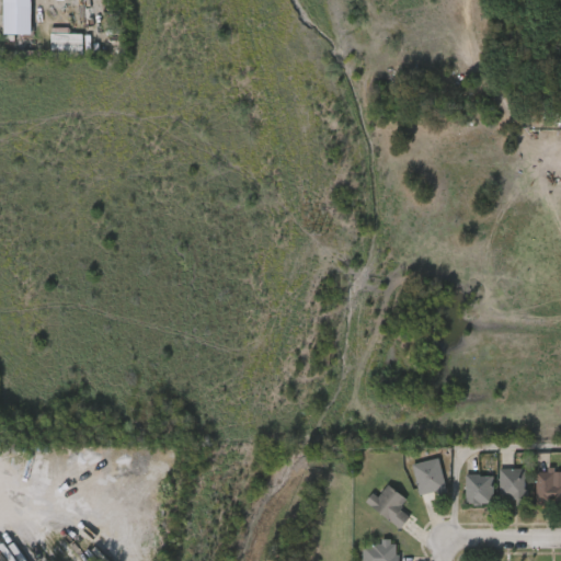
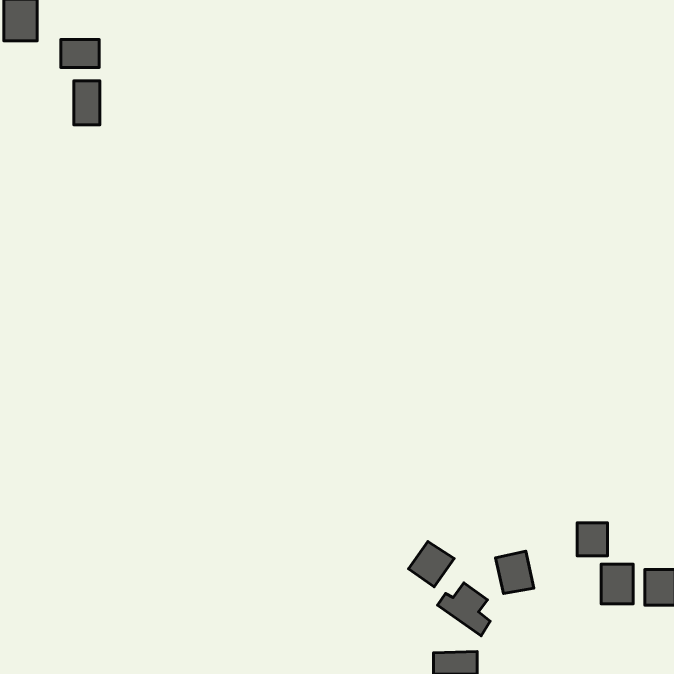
building: none -> [74,81,100,125]
building: none -> [408,541,454,587]
building: [466,474,491,502] -> [577,523,608,556]

